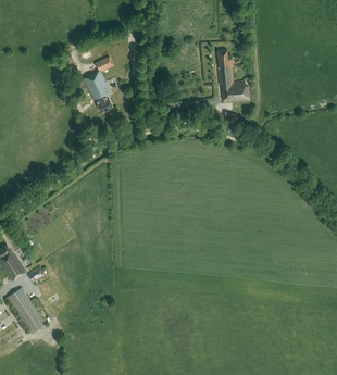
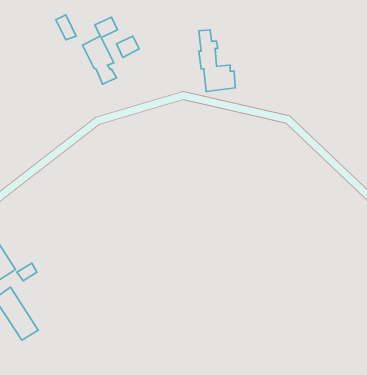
building: [216,49,248,102] -> [199,30,235,92]

